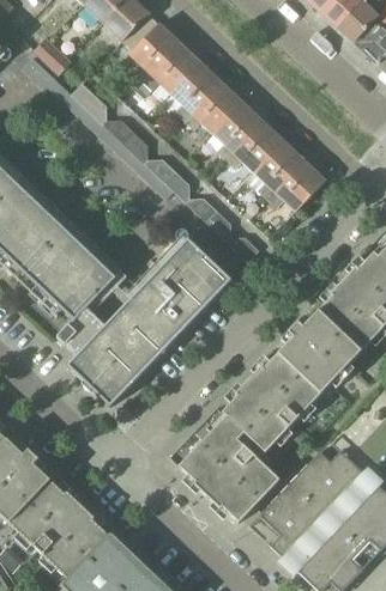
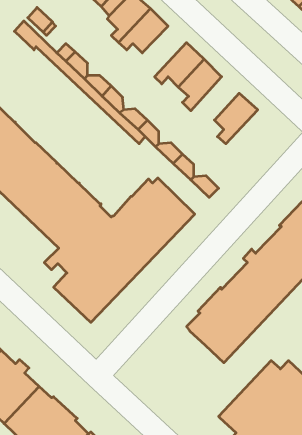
building: [169,62,221,121] -> none
building: [225,121,282,171] -> none
building: [266,159,325,211] -> none
building: [177,415,278,522] -> none

